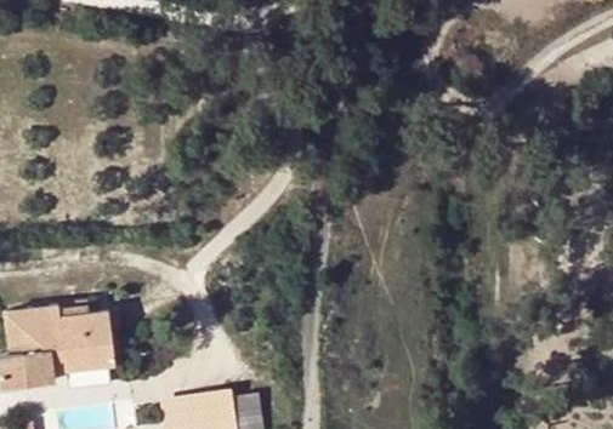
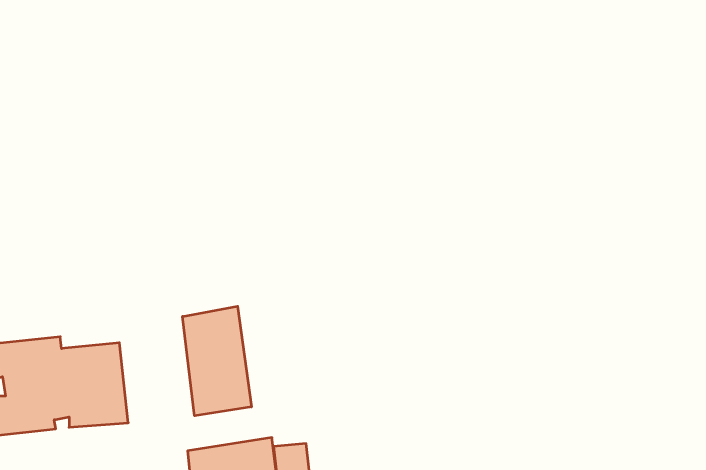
building: none -> [183,306,251,416]

